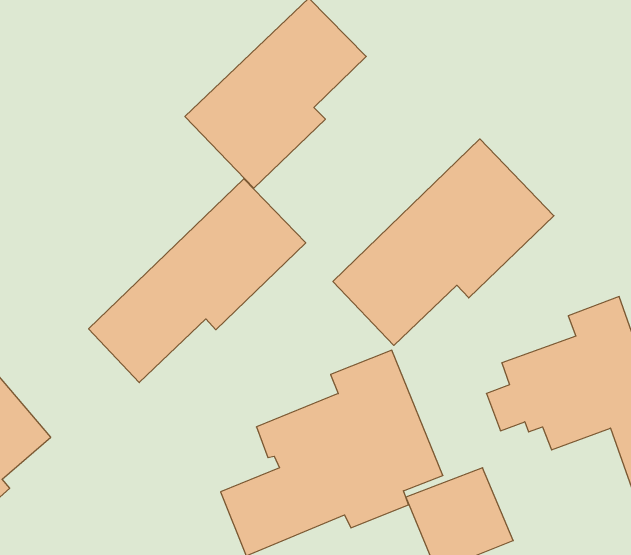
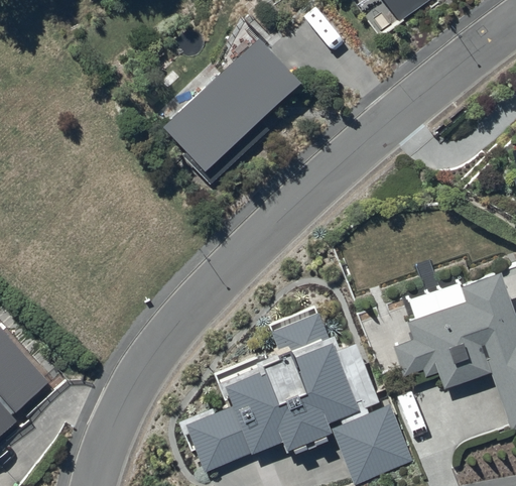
building: [333,139,554,345] -> none
building: [89,179,306,383] -> none

